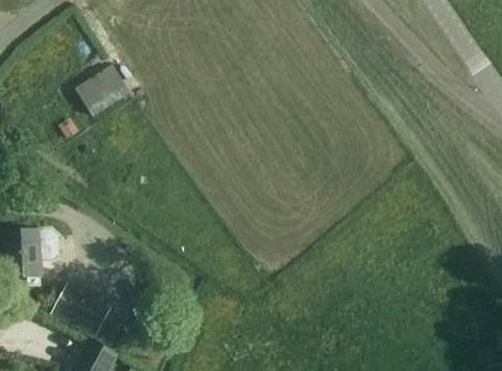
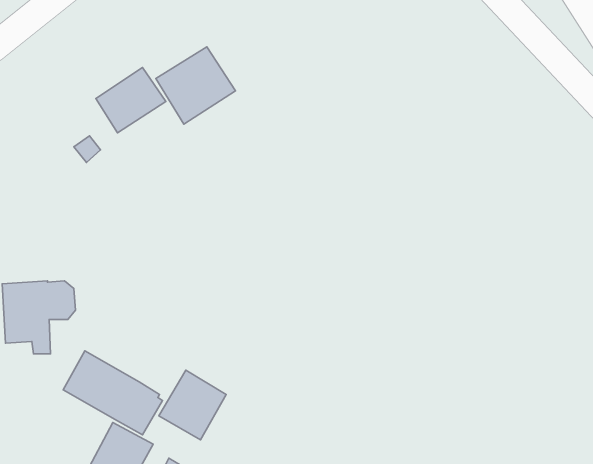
building: none -> [156,47,235,124]
building: none -> [159,370,226,440]

